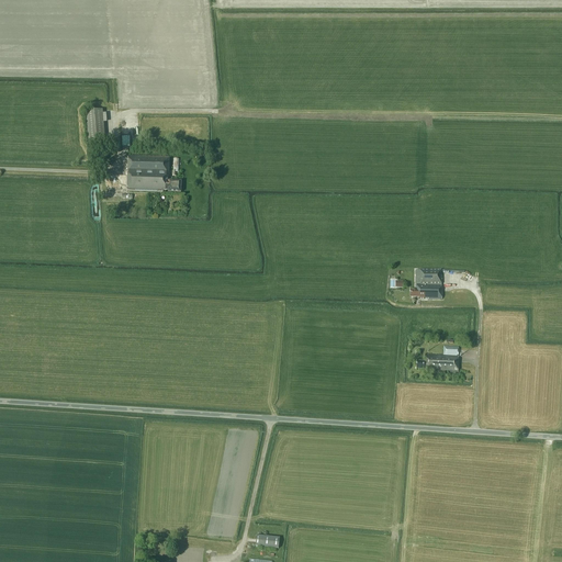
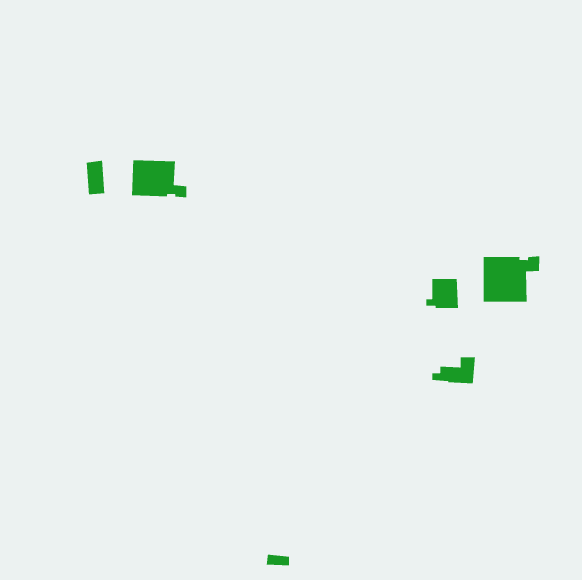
building: [86,108,104,142] -> [86,160,105,195]
building: none -> [483,256,540,303]

